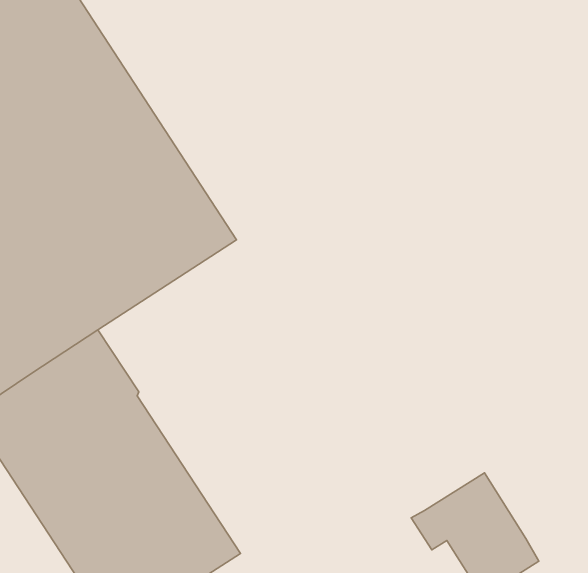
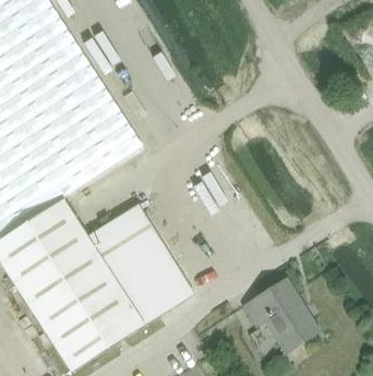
building: none -> [86,201,197,326]

